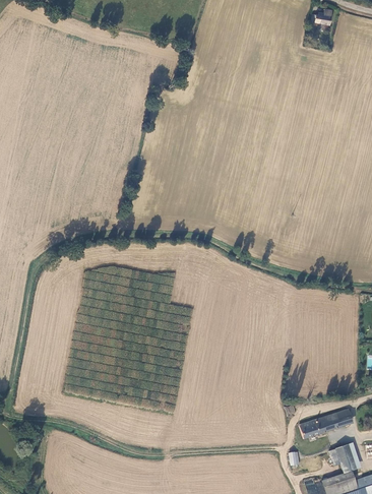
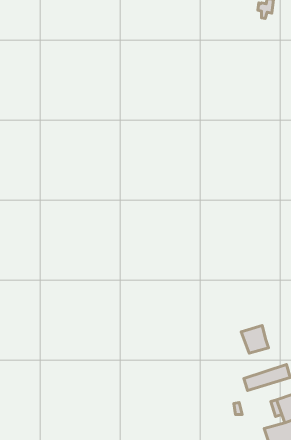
building: none -> [241,325,268,353]

